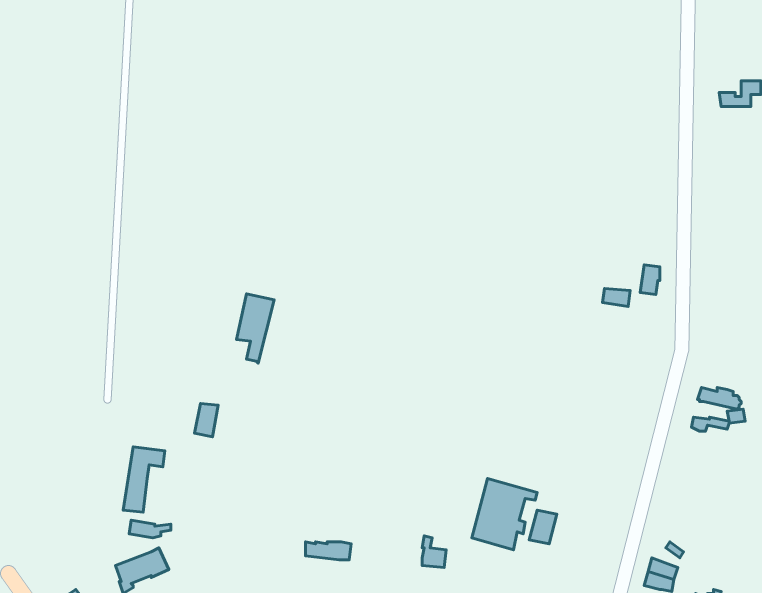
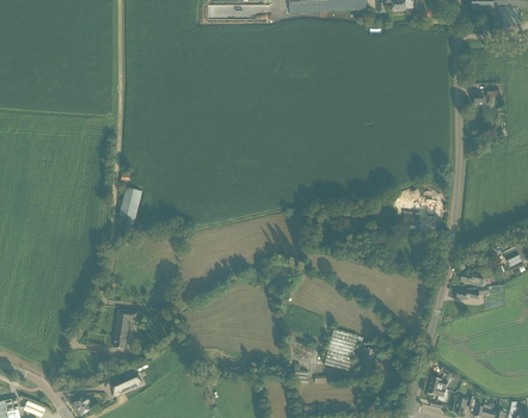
building: [237,294,274,363] -> [118,186,141,228]

